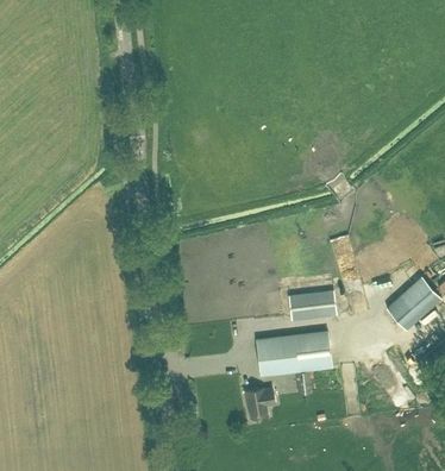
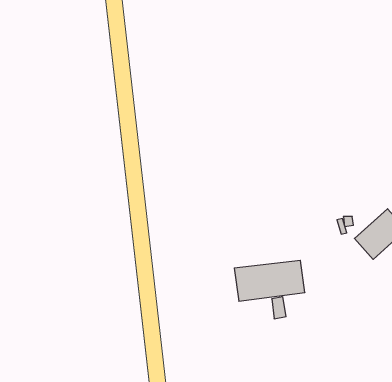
building: [289,291,336,319] -> none
building: [244,388,275,419] -> none

